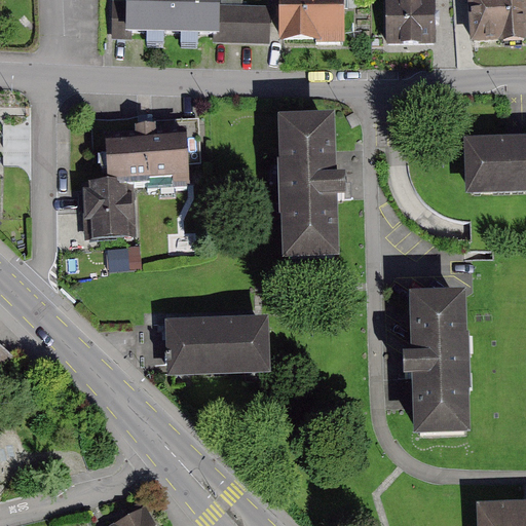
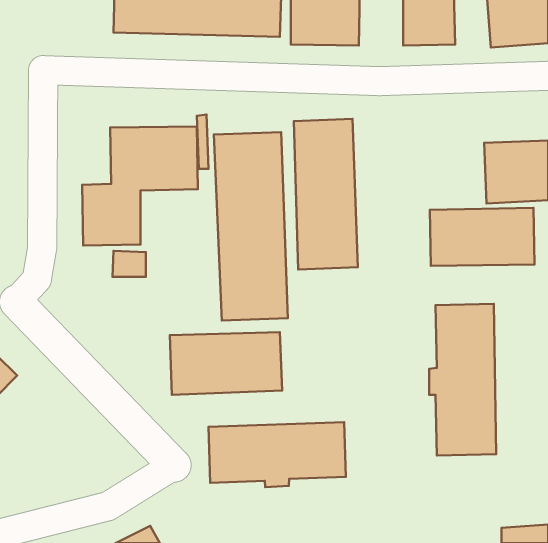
building: none -> [214,132,288,321]
building: none -> [430,208,534,266]
building: none -> [208,422,346,487]

